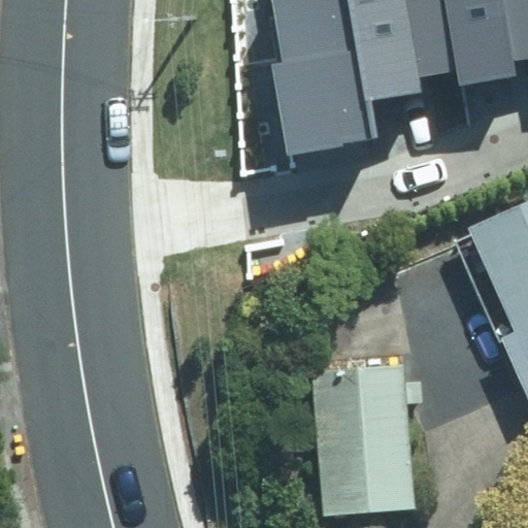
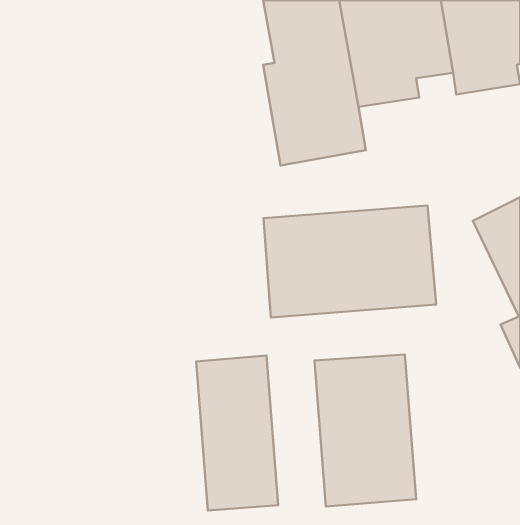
building: none -> [263,206,436,317]
building: none -> [196,355,278,510]

